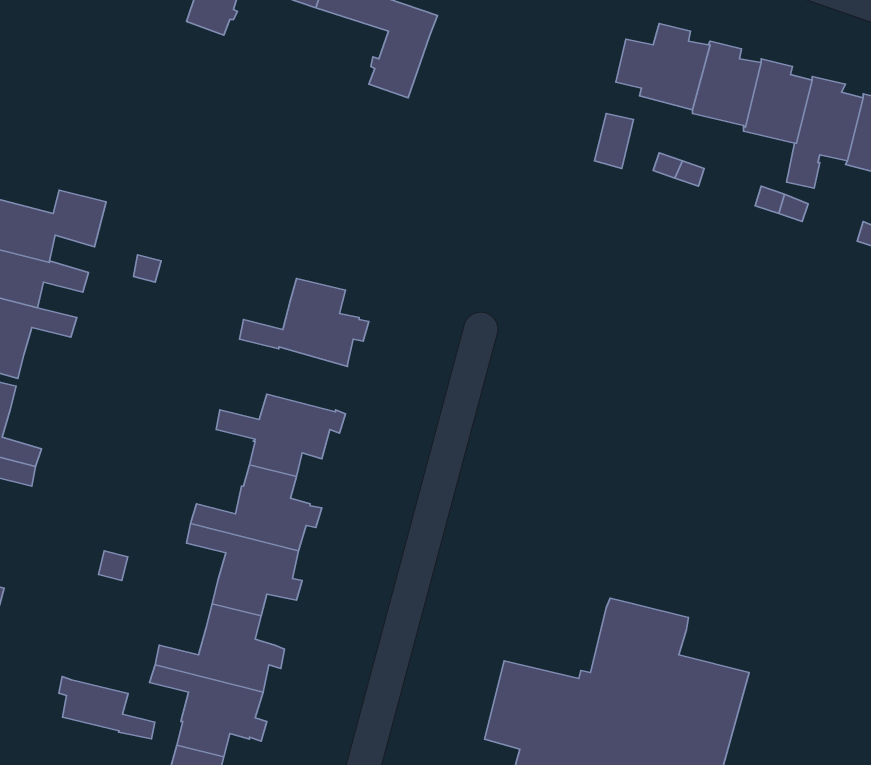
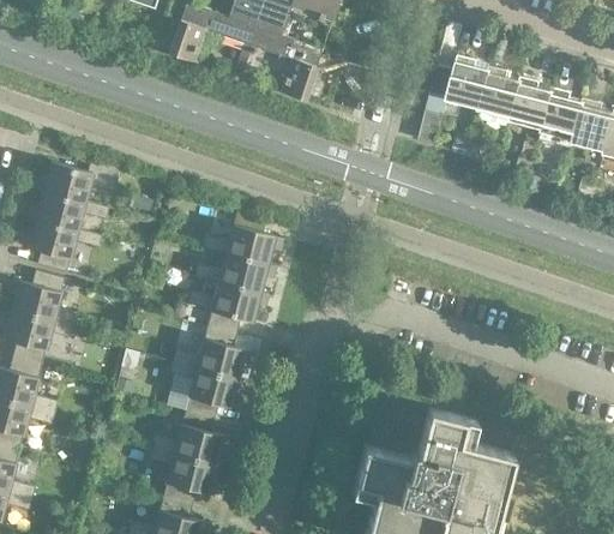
building: none -> [194,253,273,293]
building: [59,677,155,739] -> none

